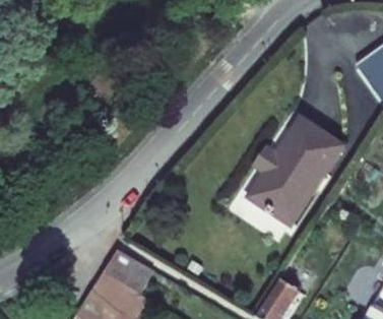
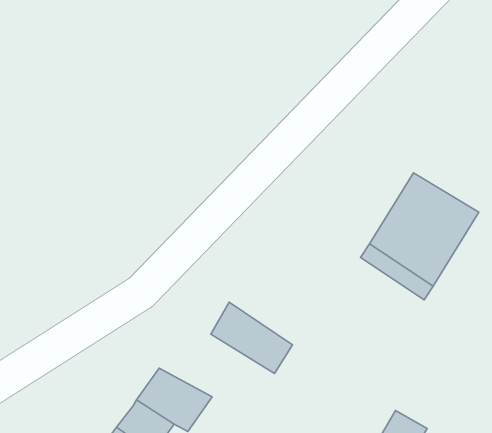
building: [243,179,298,227] -> [211,302,293,373]

